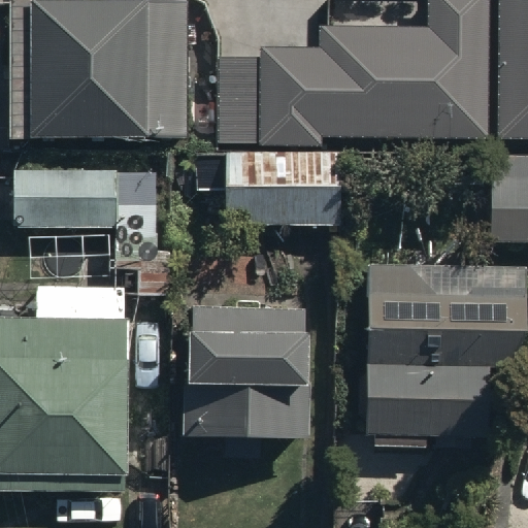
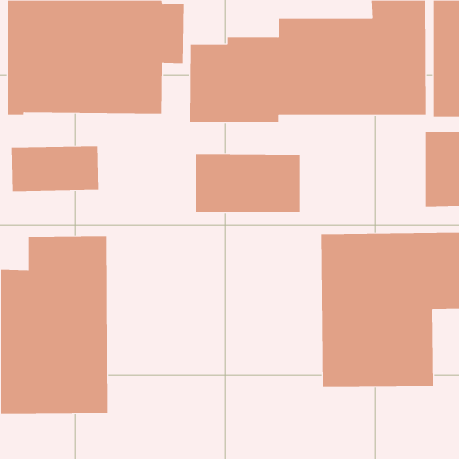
building: [178,298,306,454] -> none

